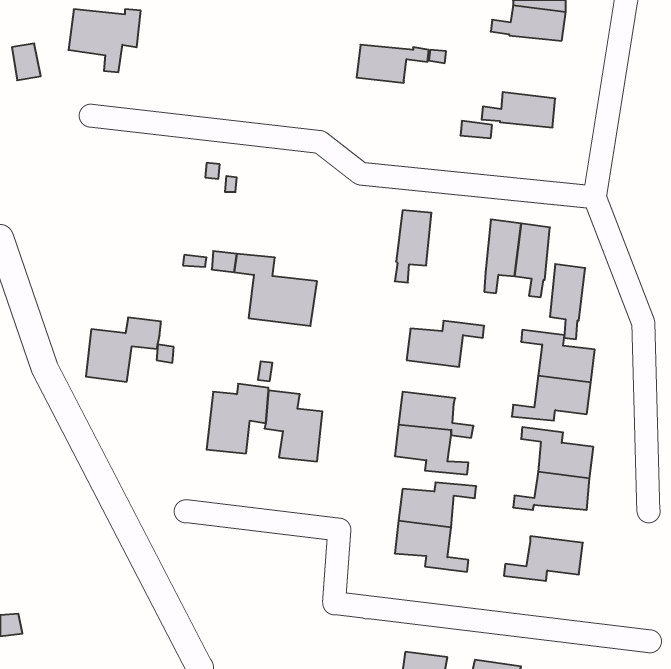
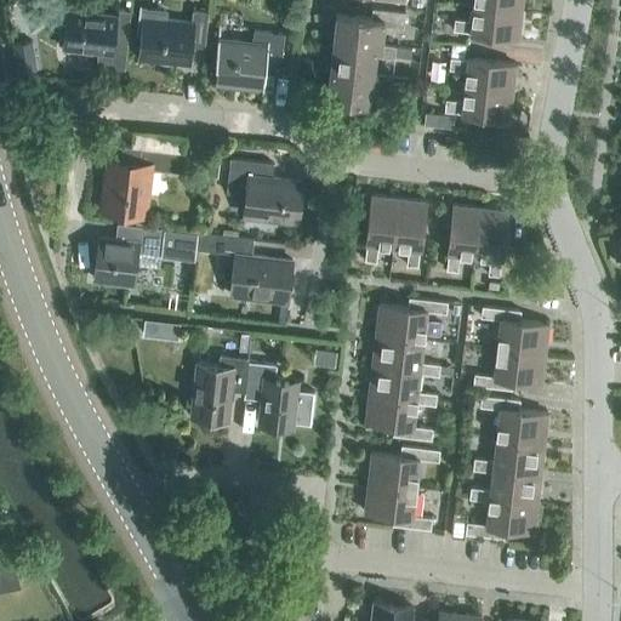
building: none -> [334,11,405,49]
building: none -> [141,12,210,64]
building: none -> [216,32,285,91]
building: none -> [450,59,517,93]
building: none -> [326,74,395,116]
building: none -> [103,147,187,216]
building: none -> [228,159,302,222]
building: [550,264,585,339] -> [394,199,427,268]
building: [86,317,161,382] -> [96,227,165,286]
building: none -> [372,335,440,377]
building: none -> [471,468,542,503]

